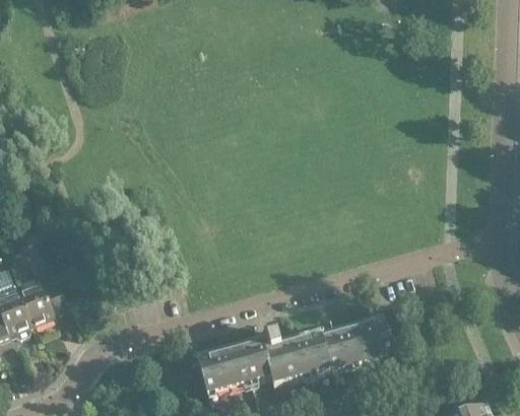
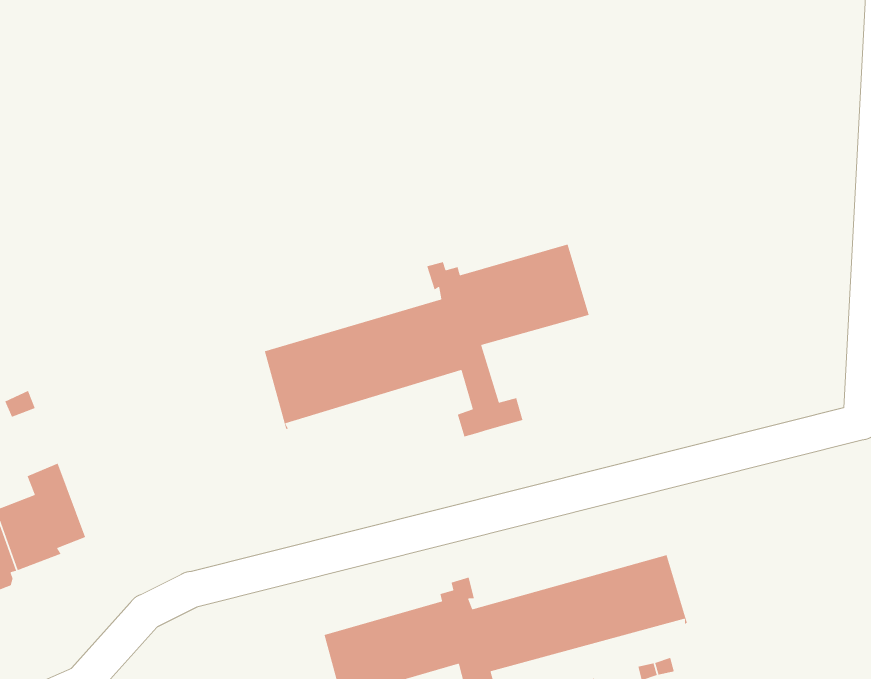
building: none -> [264,244,591,437]

